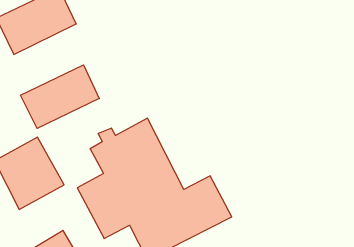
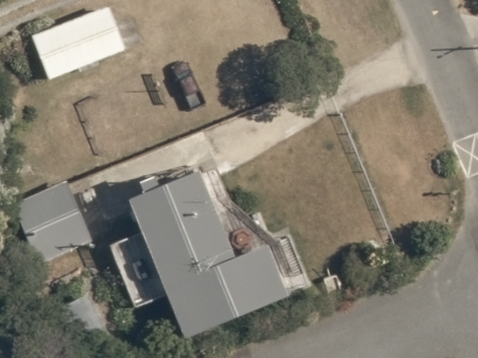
building: [21,65,99,128] -> none

